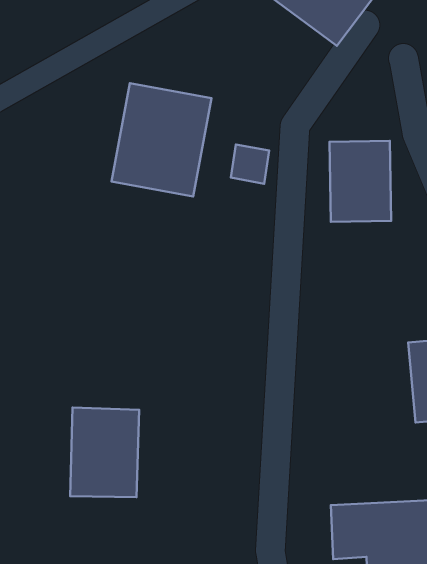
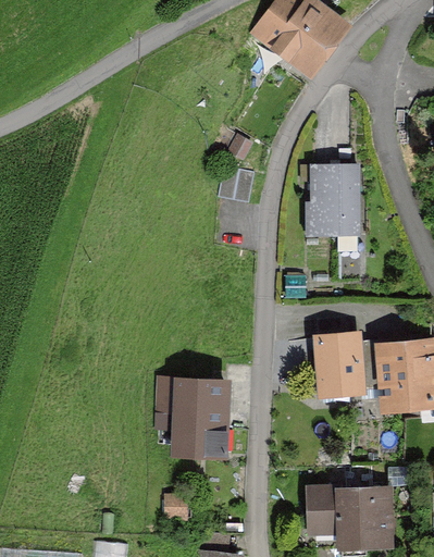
building: [111,83,211,196] -> none
building: none -> [312,331,365,396]
building: [70,407,139,497] -> [170,377,231,457]

